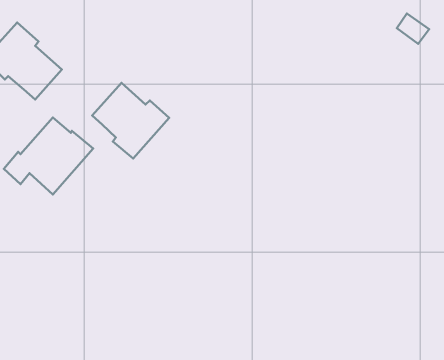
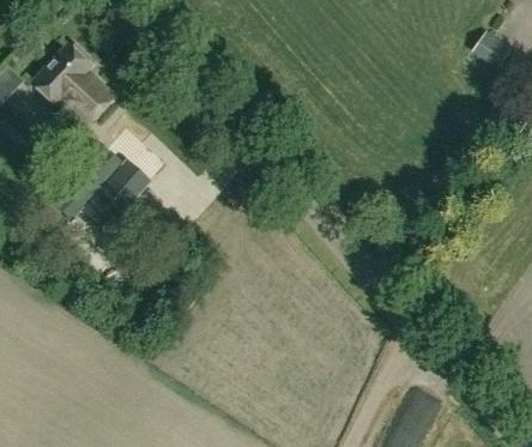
building: [92,83,169,159] -> none

